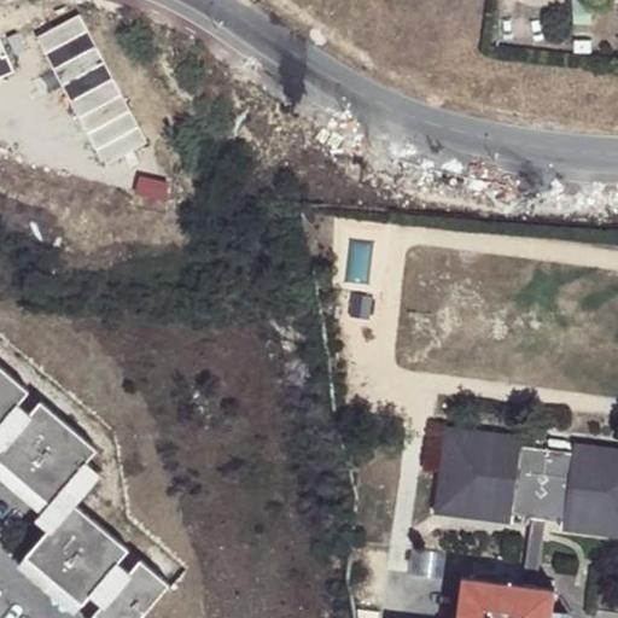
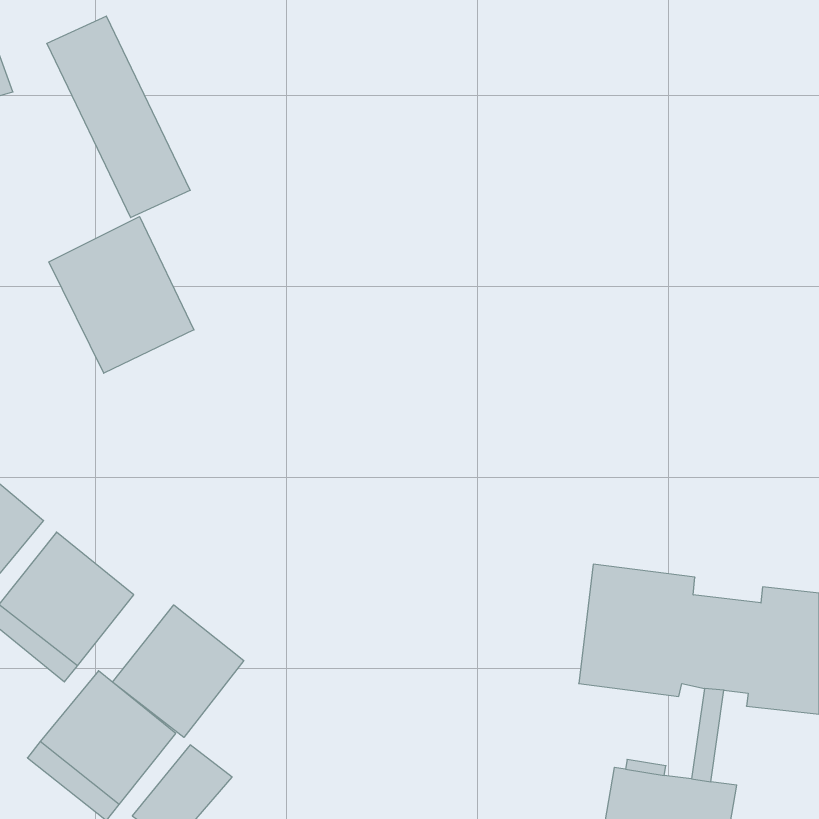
building: none -> [49,217,194,373]
building: none -> [112,605,244,737]

